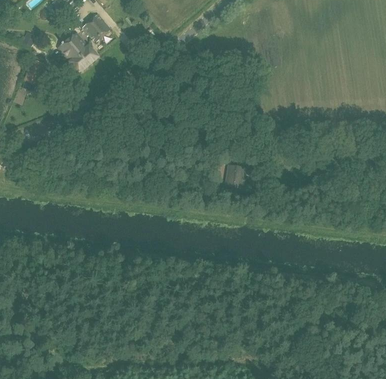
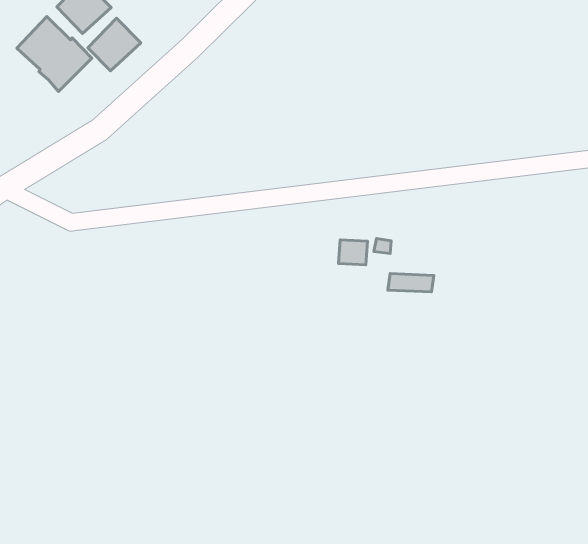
building: none -> [88,18,141,71]

